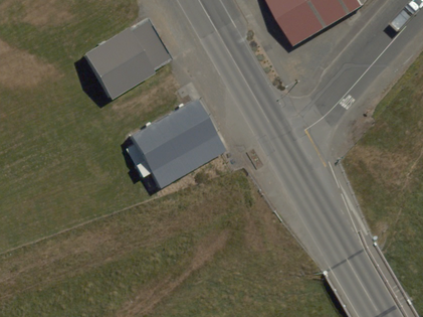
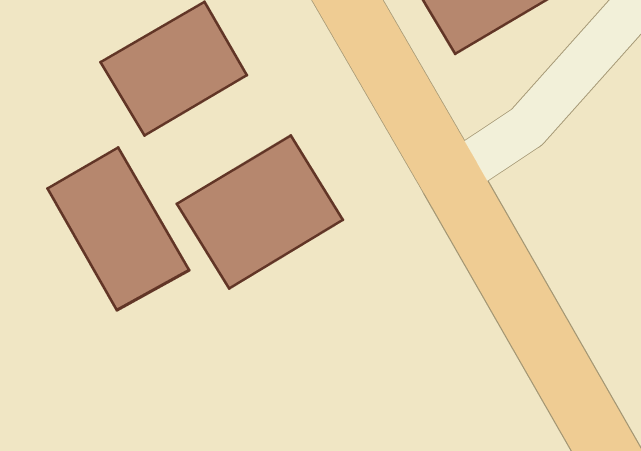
building: none -> [47,147,189,310]

